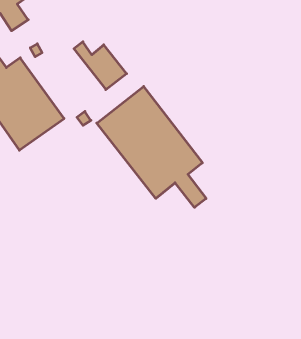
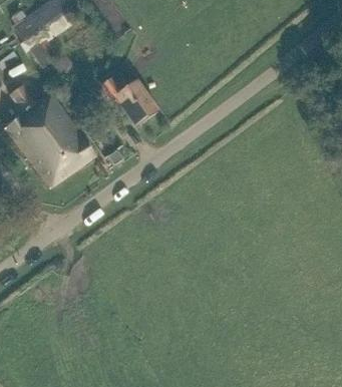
building: [97,86,206,207] -> none

